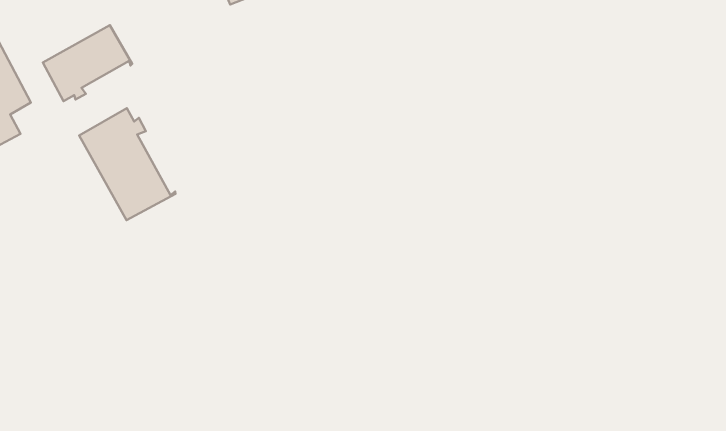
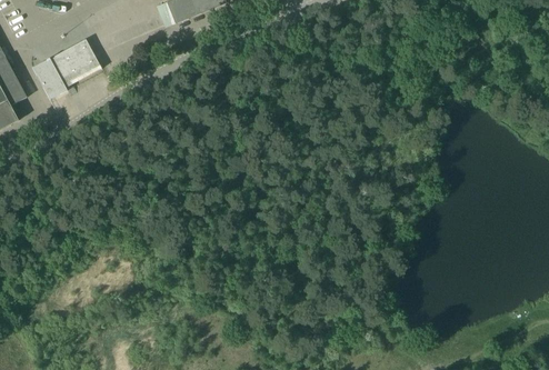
building: [79,108,176,220] -> none

